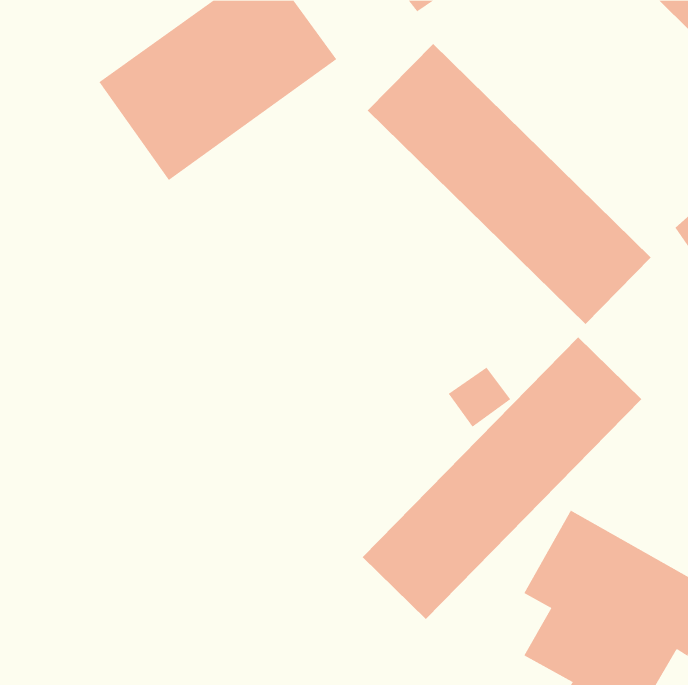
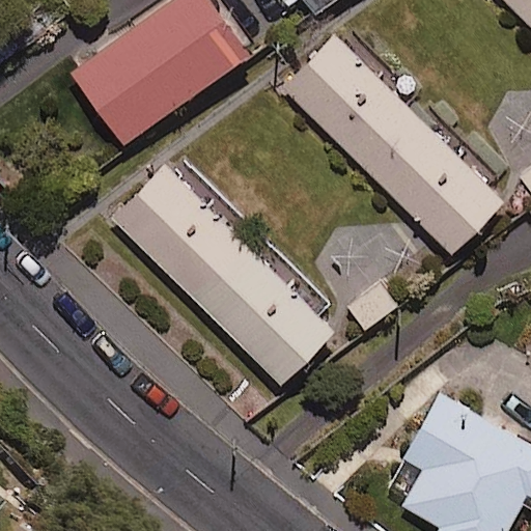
building: none -> [110,152,333,385]
building: [362,336,642,620] -> none

